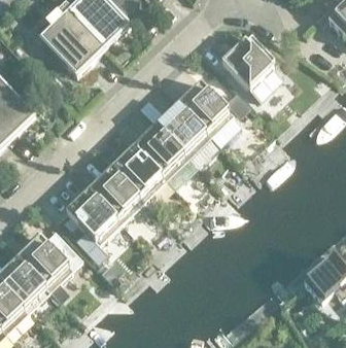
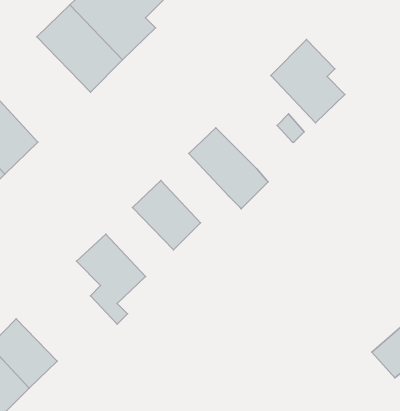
building: [177,81,240,146] -> none
building: [133,125,197,189] -> none
building: [89,168,143,223] -> none
building: [16,219,80,291] -> none

